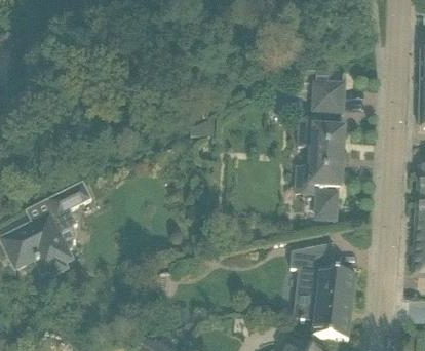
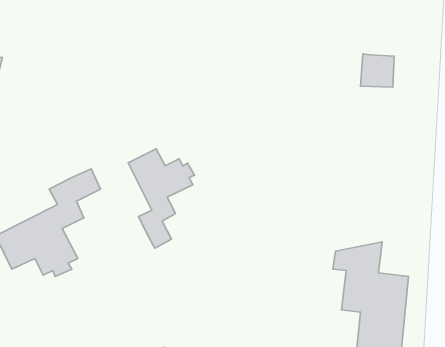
building: [297,115,342,220] -> none
building: none -> [128,149,194,248]

